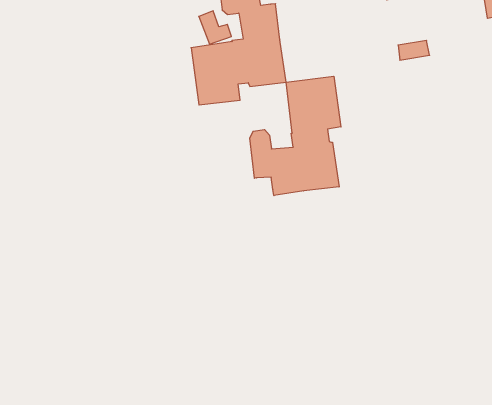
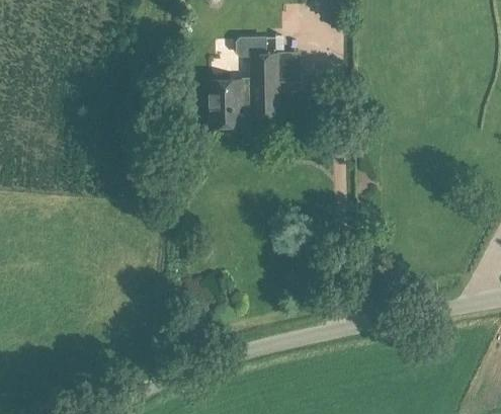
building: [250,76,341,196] -> none

